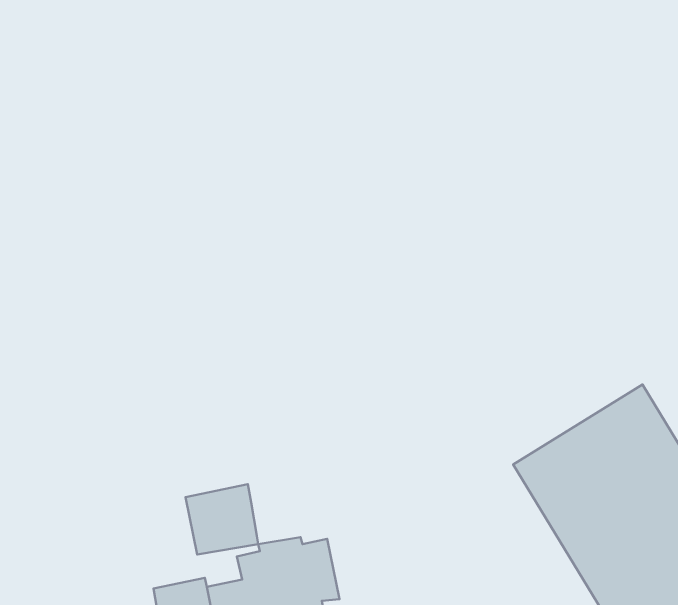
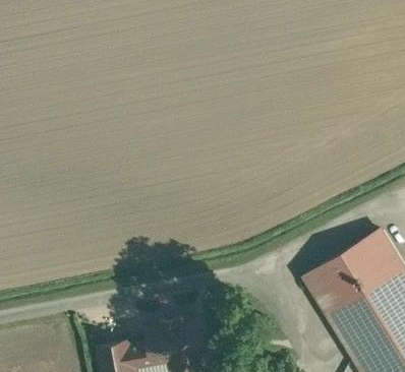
building: [186,484,258,555] -> none

